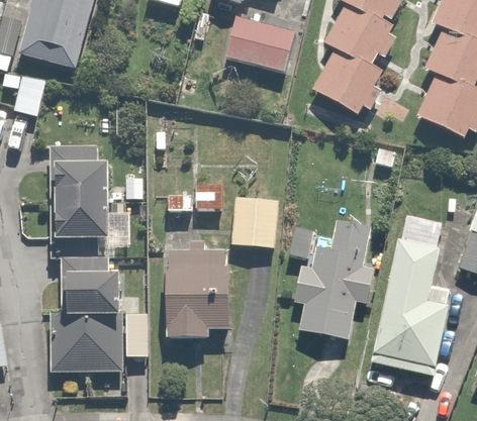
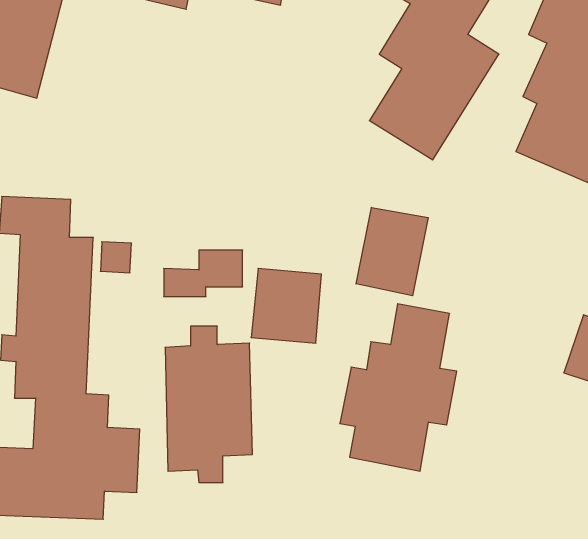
building: [220,16,298,74] -> none
building: none -> [356,207,428,296]
building: [369,216,451,379] -> none

